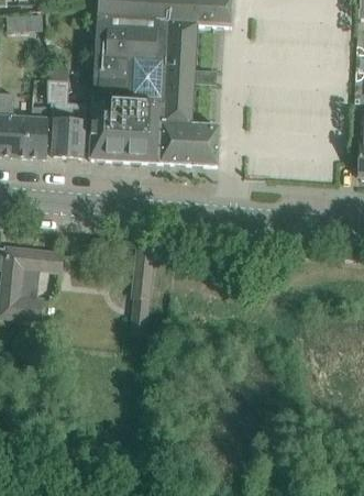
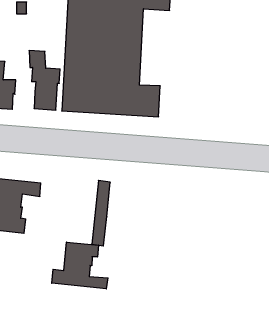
building: [23,106,47,157] -> none
building: none -> [52,242,108,289]

